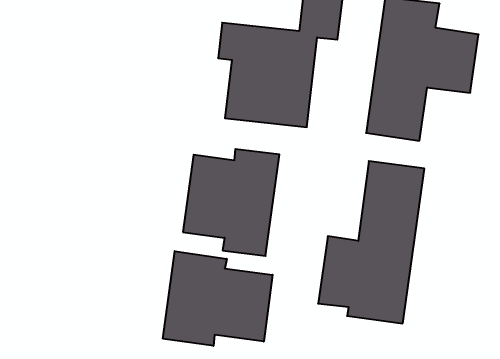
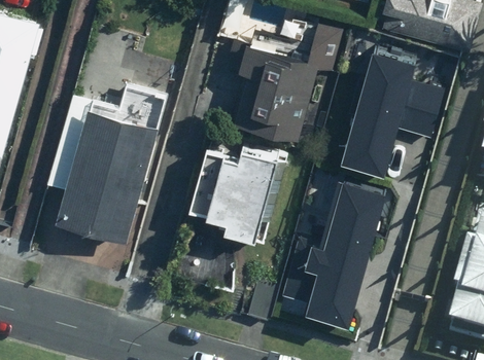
building: none -> [59,100,160,230]
building: [163,251,273,346] -> none

